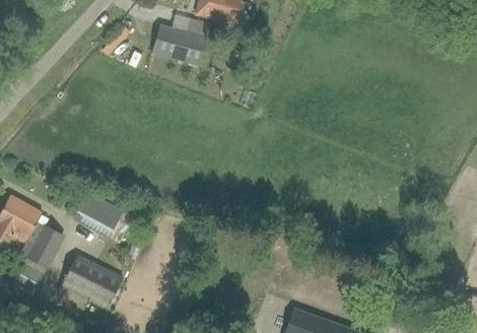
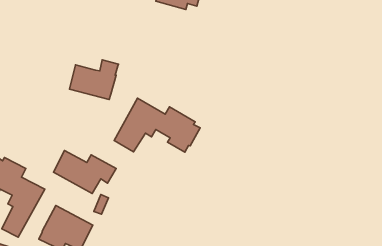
building: [152,18,210,65] -> [70,60,119,99]
building: none -> [114,98,200,152]

